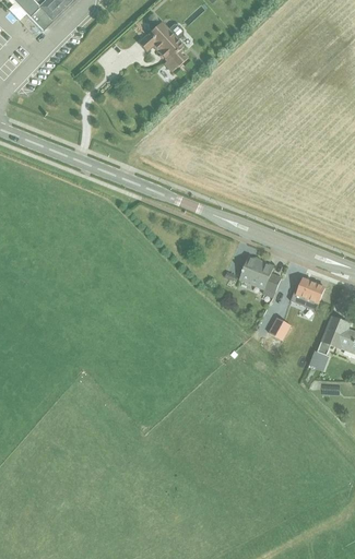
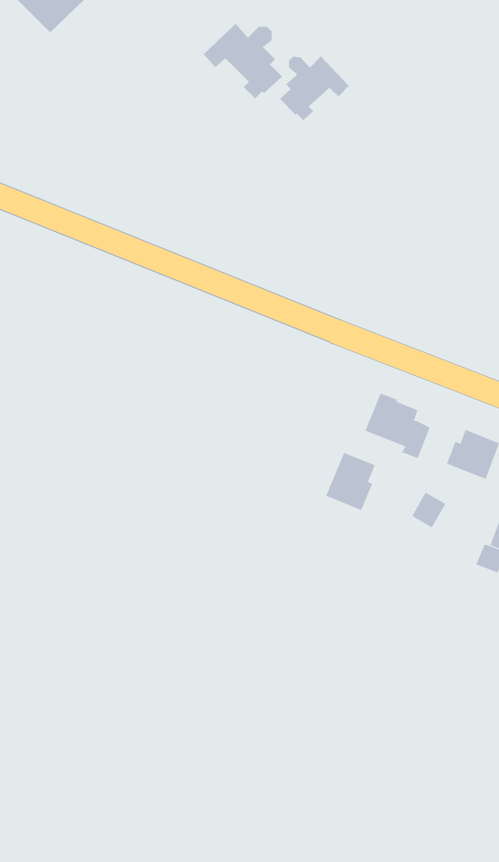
building: none -> [279,56,349,121]
building: none -> [325,452,375,511]

